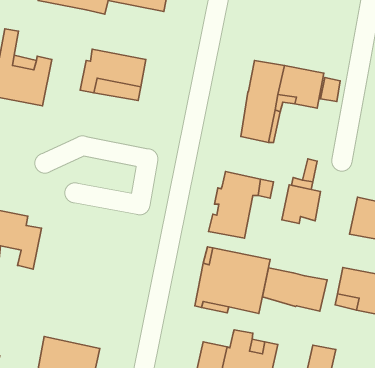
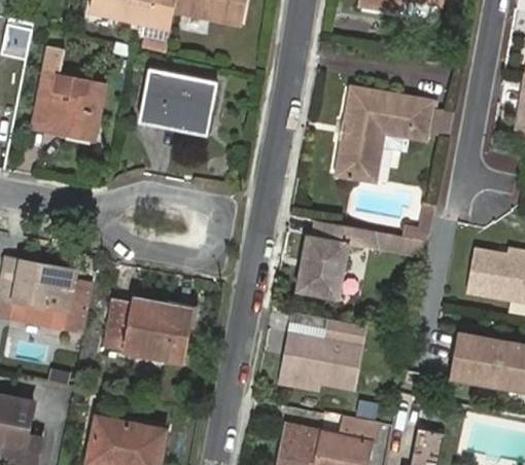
building: [282,185,320,224] -> none
building: none -> [105,297,194,359]
building: [263,268,327,311] -> none

